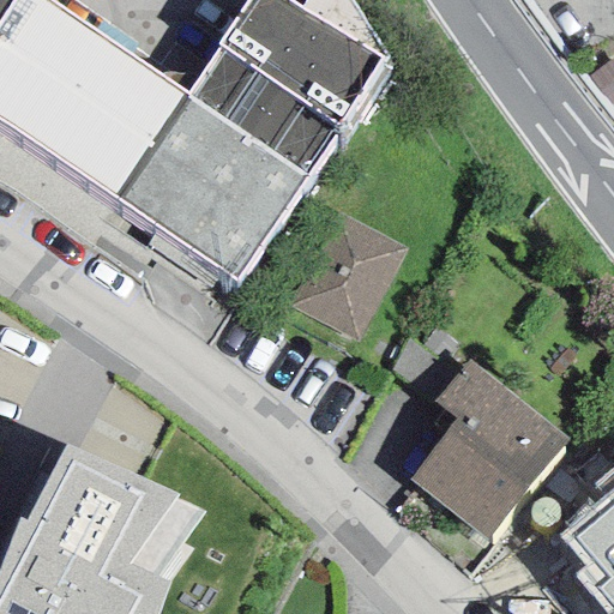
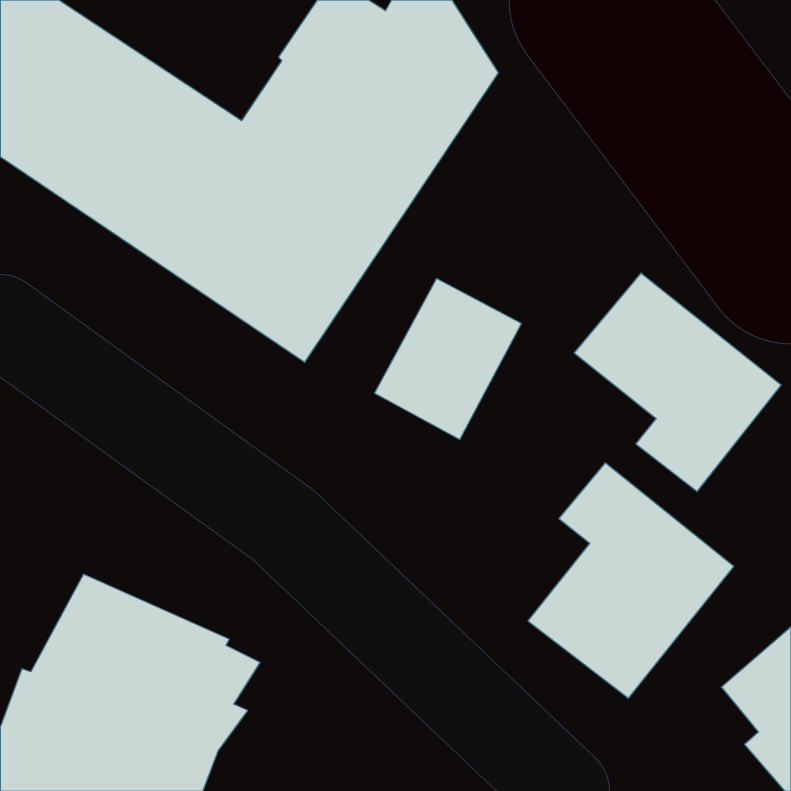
building: none -> [574,273,781,492]

